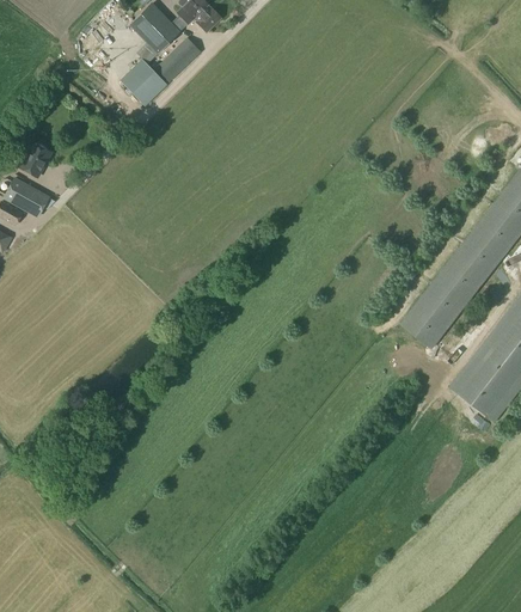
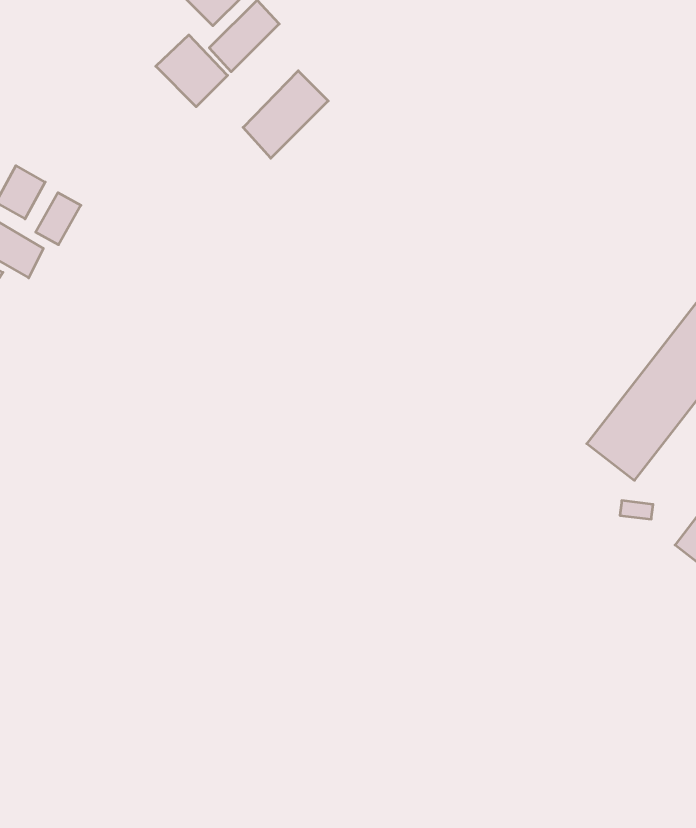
building: none -> [243,71,328,158]
building: none -> [36,193,81,245]

